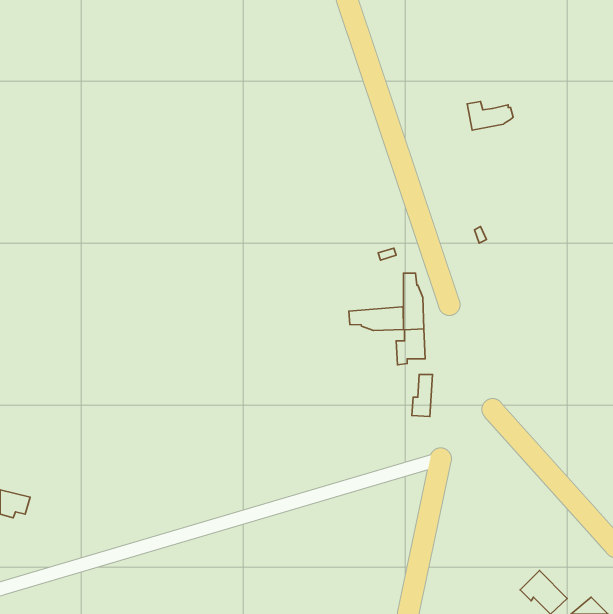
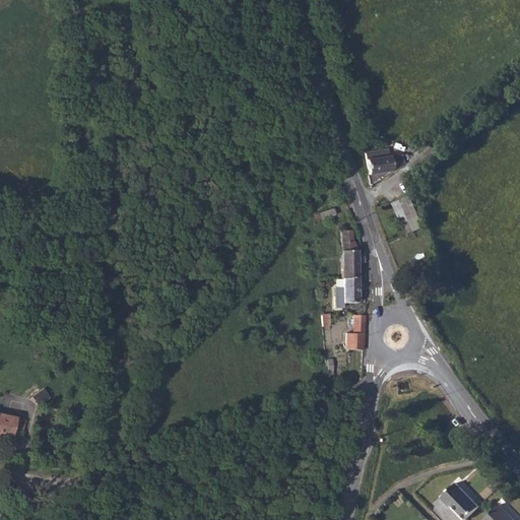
building: [467,101,513,130] -> [366,149,404,174]
building: [349,307,403,331] -> none

